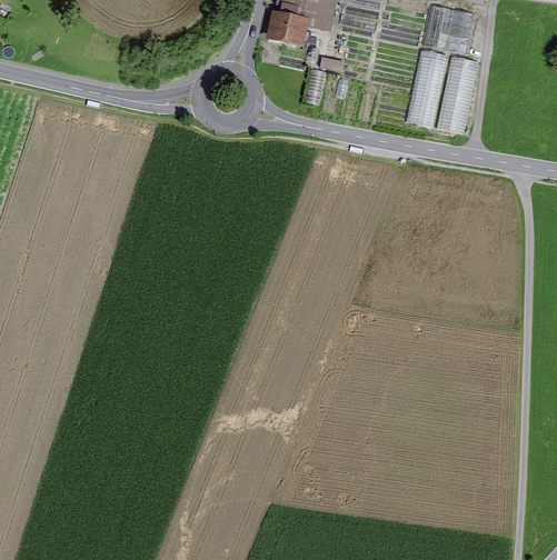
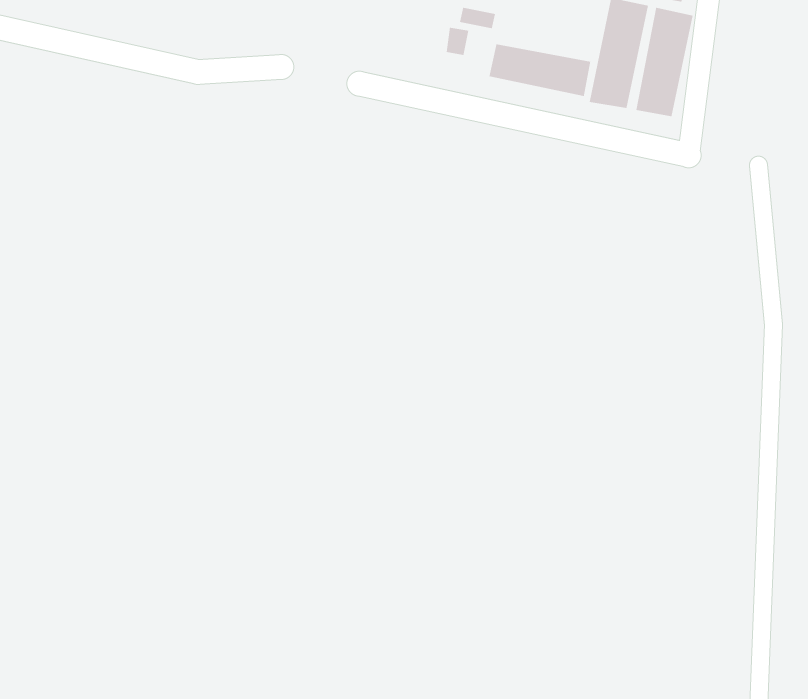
building: none -> [489,43,591,97]

